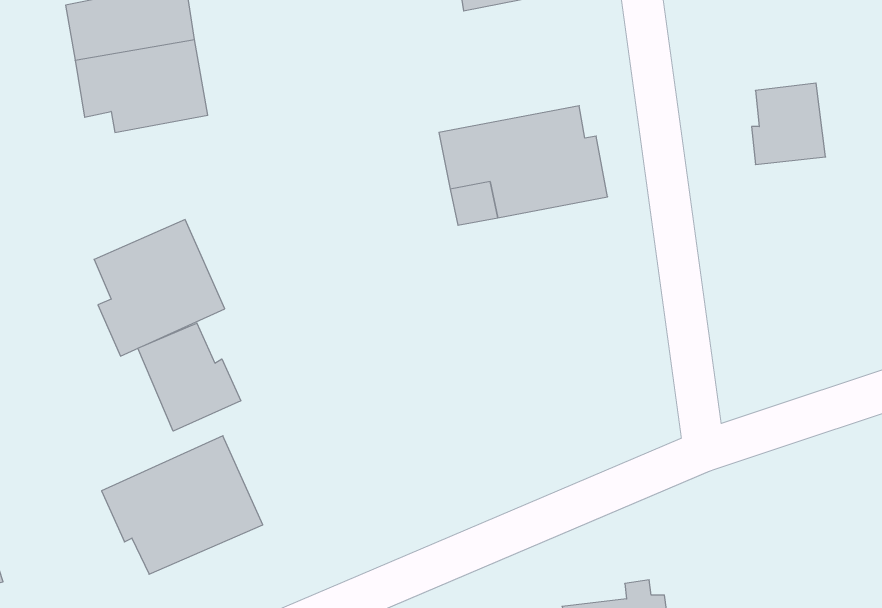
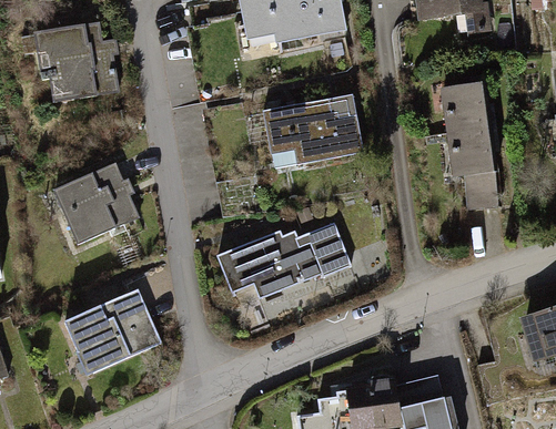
building: none -> [448,127,499,208]
building: none -> [218,222,351,297]
building: [138,323,241,431] -> none

